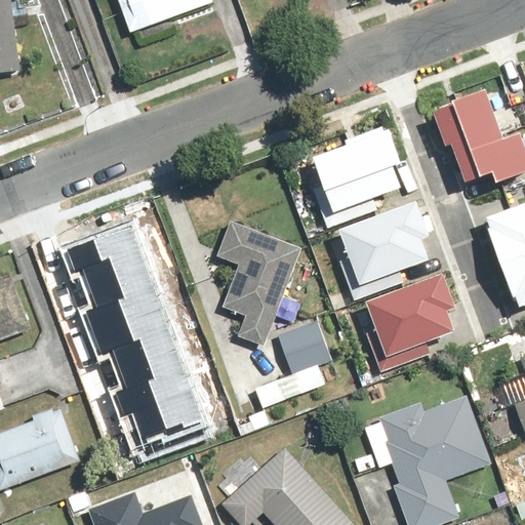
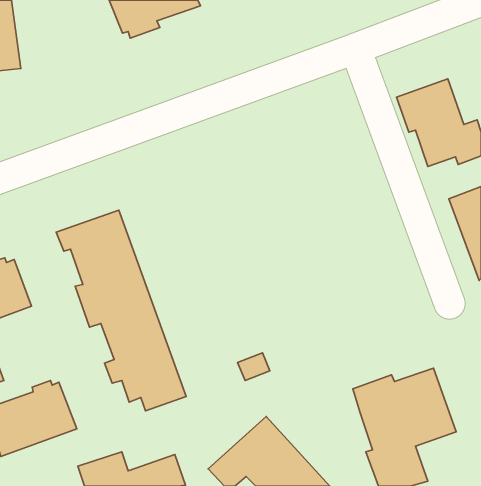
building: [308,125,401,223] -> none
building: [334,198,428,295] -> none
building: [219,223,304,347] -> none
building: [361,269,454,367] -> none
building: [279,322,333,395] -> none

